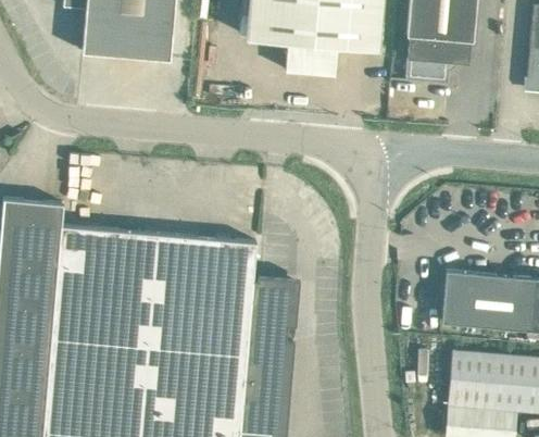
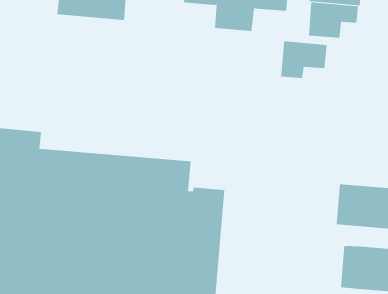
building: none -> [281,40,327,79]

